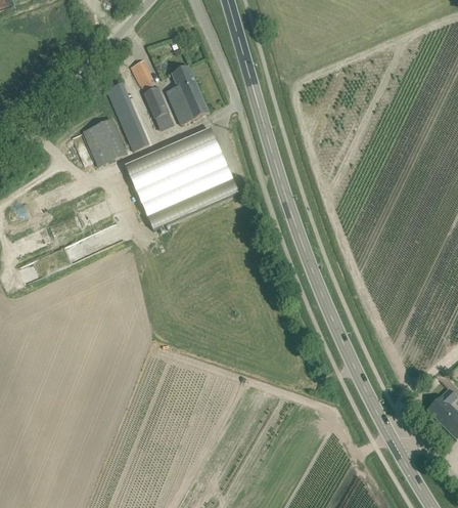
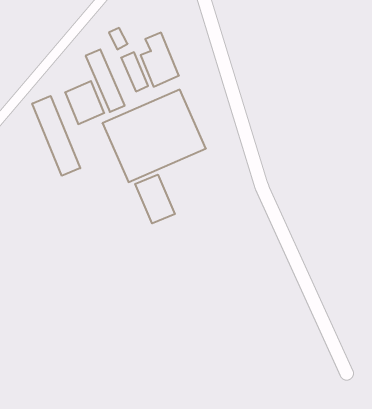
building: none -> [32,96,80,176]
building: none -> [135,175,175,223]

